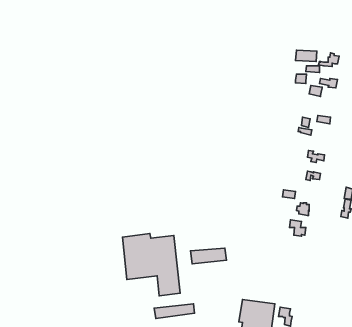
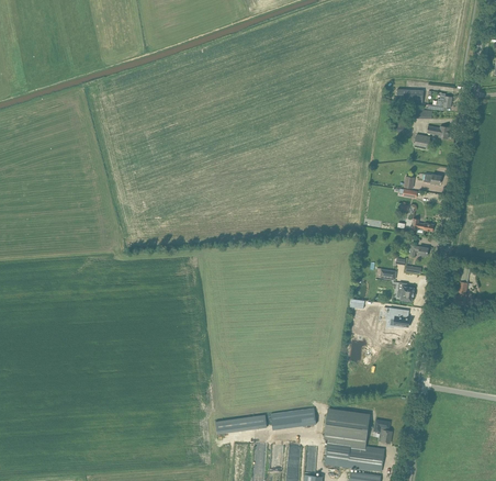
building: [122,234,180,296] -> none
building: [190,248,226,264] -> [270,409,316,428]

